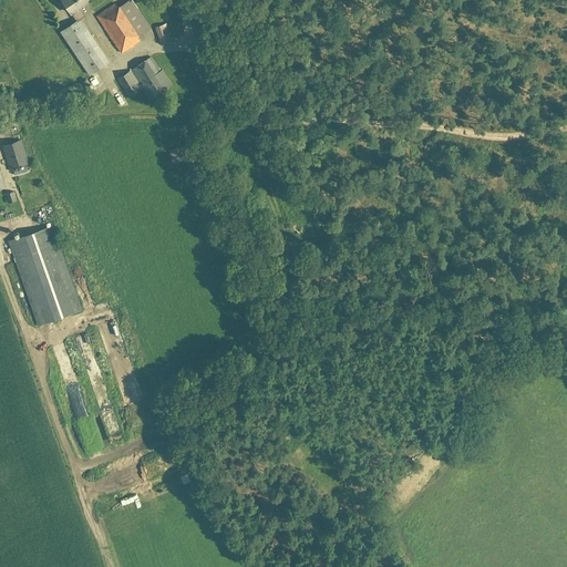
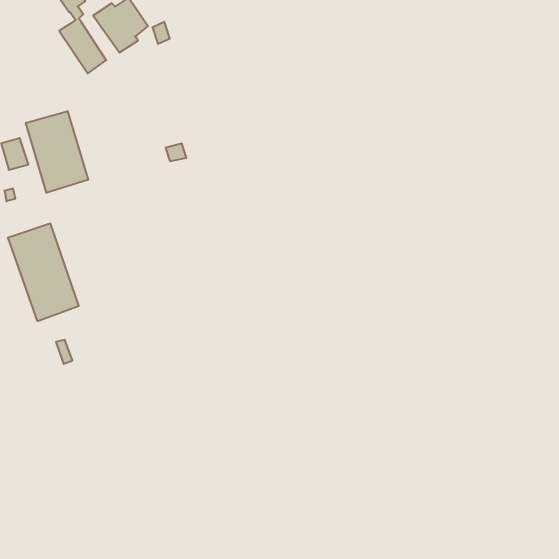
building: [116,56,172,100] -> none
building: none -> [26,111,88,193]

